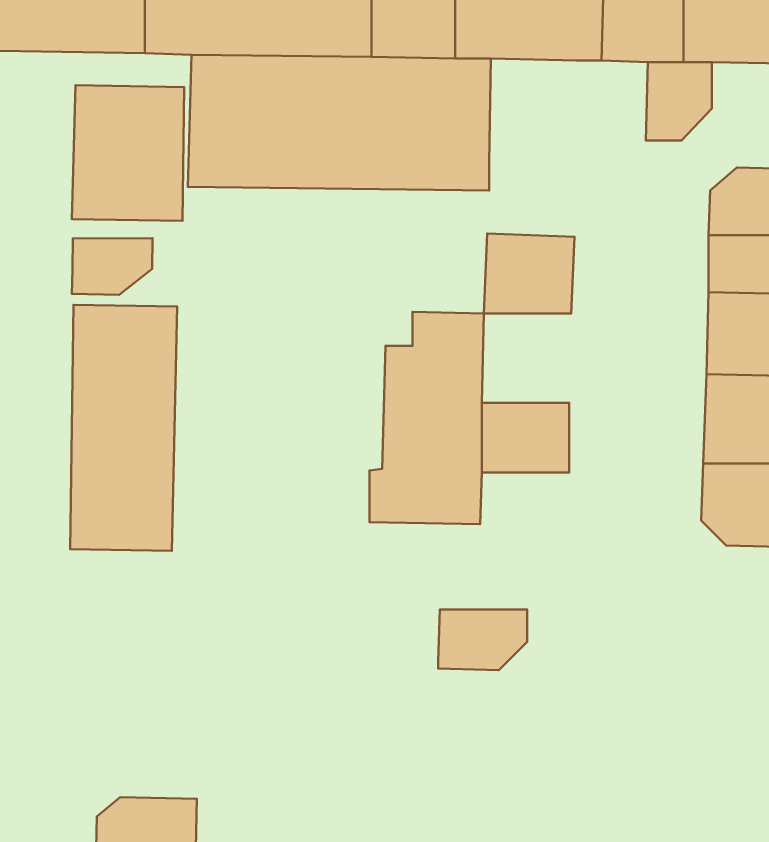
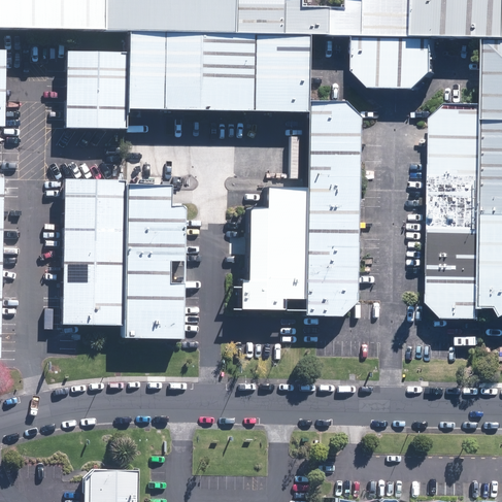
building: none -> [356,39,397,86]
building: none -> [304,98,355,141]
building: [72,238,153,295] -> none
building: none -> [124,178,185,341]
building: none -> [301,186,353,237]
building: [438,610,527,670] -> [300,277,352,312]

